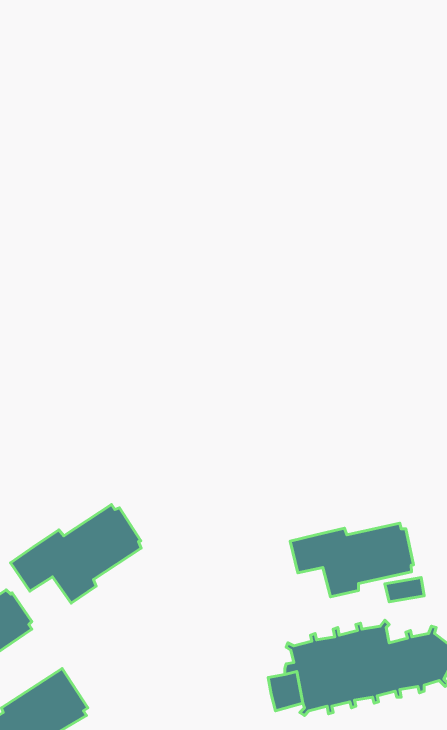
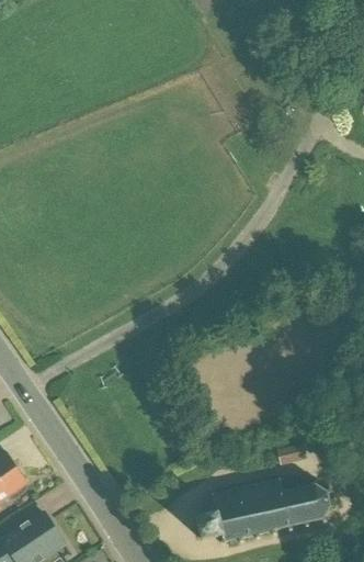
building: [10,505,141,603] -> none
building: [290,523,414,597] -> none

